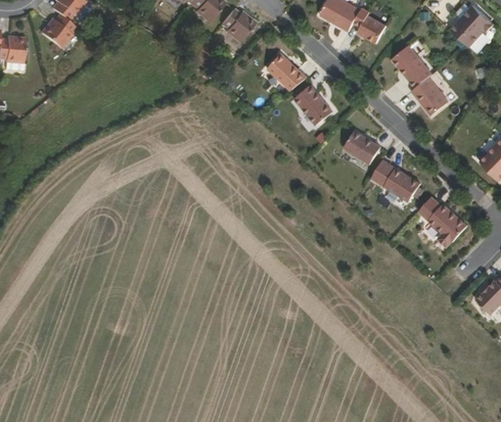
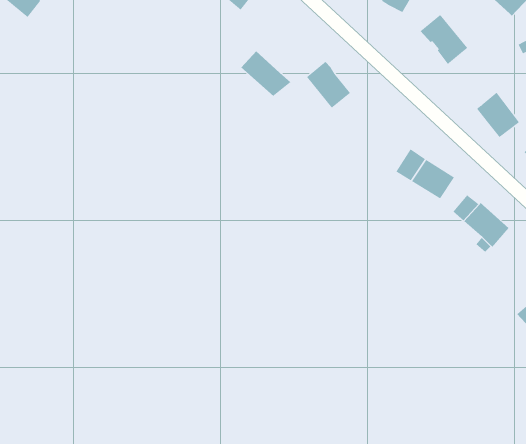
building: [263,51,306,90] -> [240,51,291,97]
building: [410,77,447,115] -> [476,92,520,138]
building: [344,131,379,163] -> none

